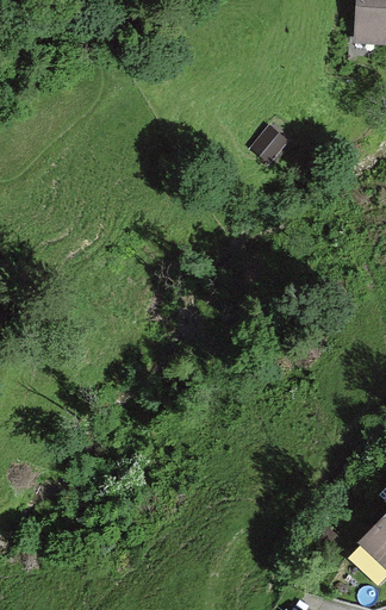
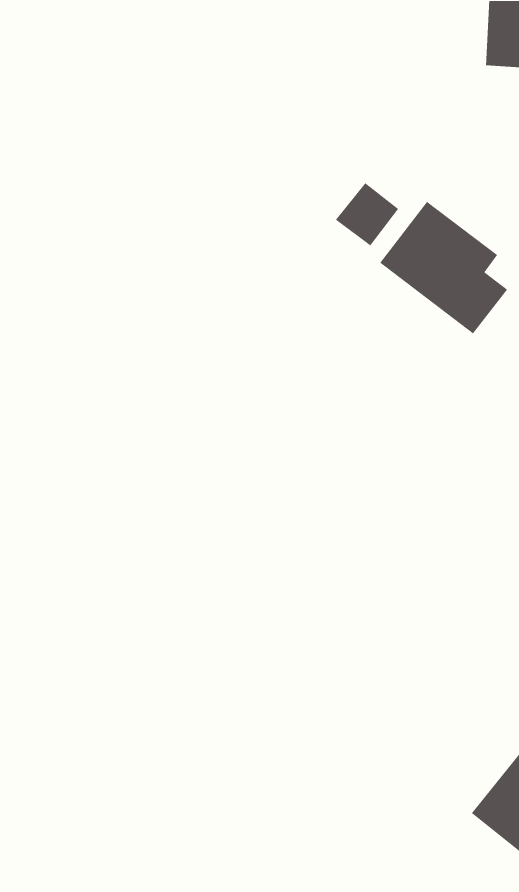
building: none -> [379,201,508,334]

